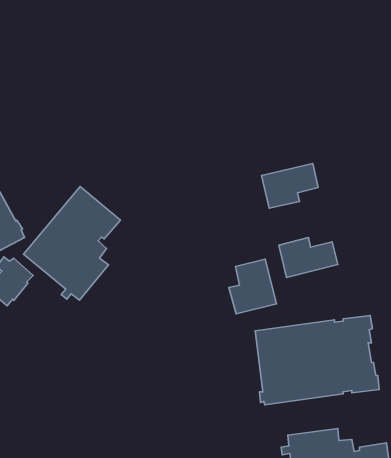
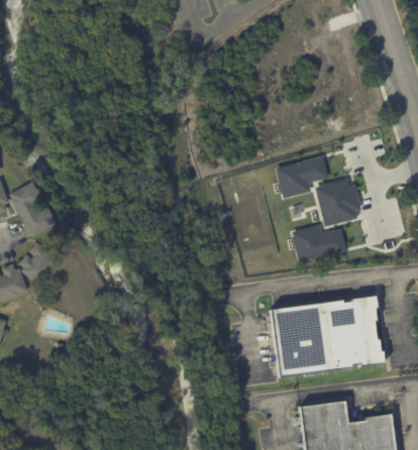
building: [24,186,121,300] -> none
building: none -> [313,178,361,225]
building: [229,259,276,314] -> none

